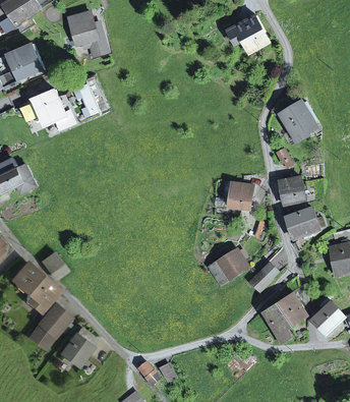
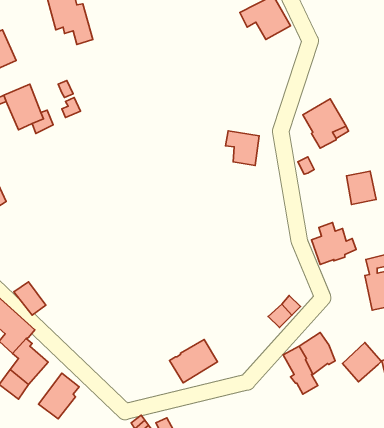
building: [280,176,304,204] -> [347,171,376,204]
building: [224,180,251,209] -> [226,131,259,165]
building: [209,250,248,286] -> [169,340,218,383]

